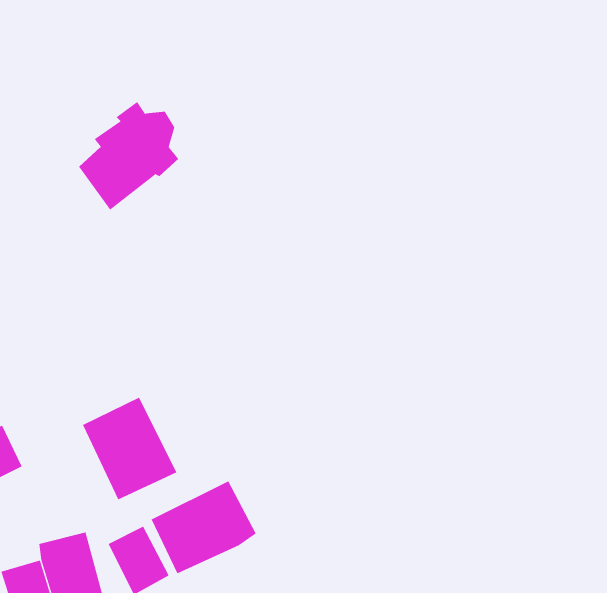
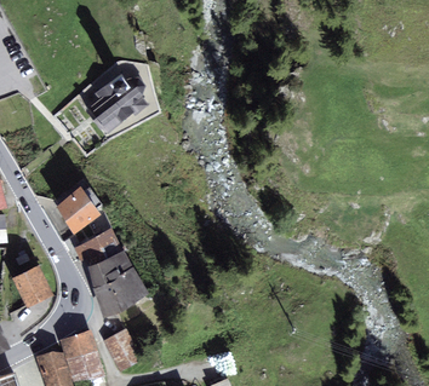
building: none -> [56,185,99,231]
building: none -> [73,226,122,267]
building: [151,481,257,574] -> none

